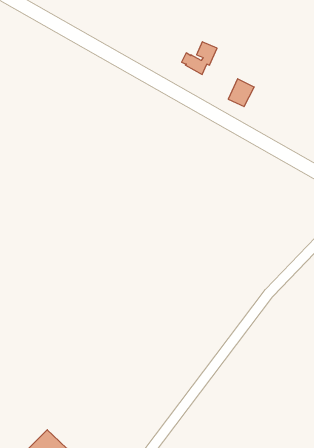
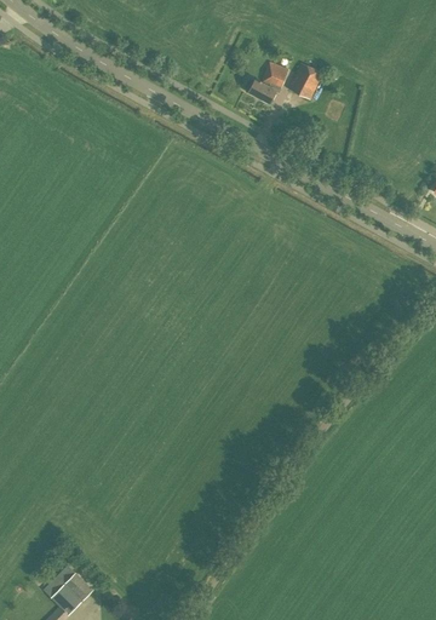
building: [228,79,254,107] -> [289,63,323,99]

